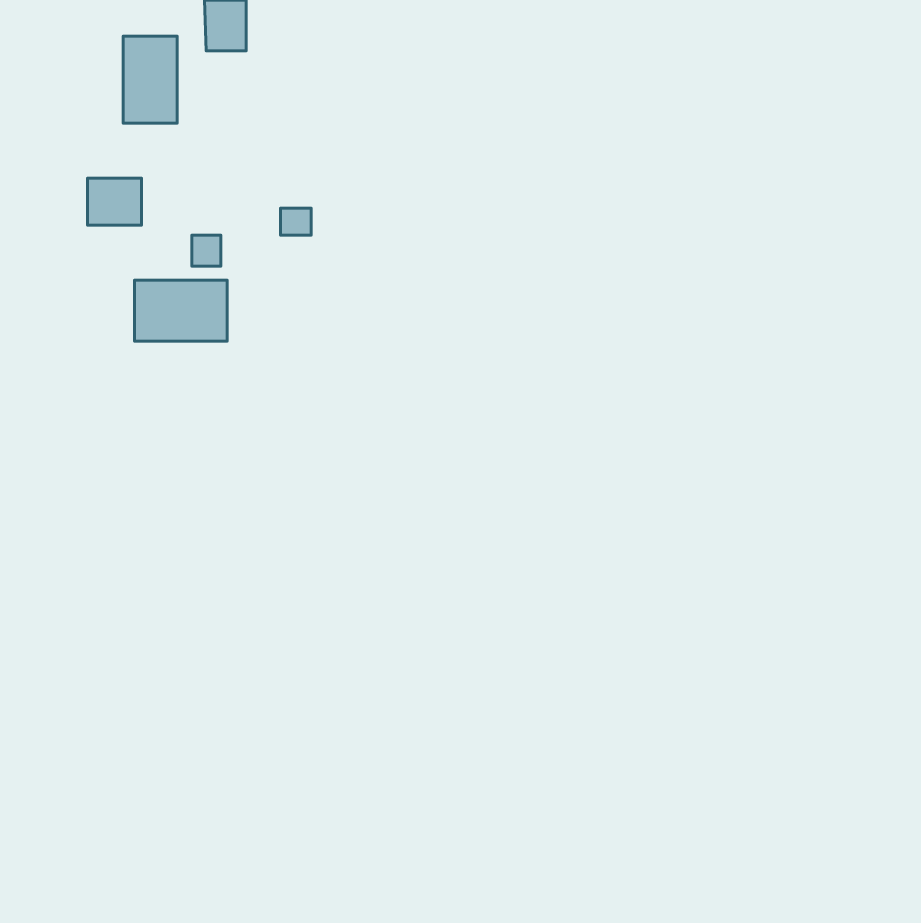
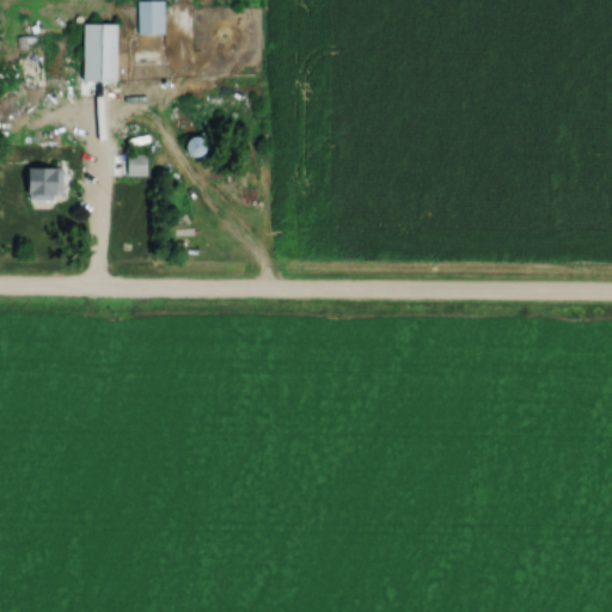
building: [87,178,142,225] -> [30,169,66,200]
building: [135,280,227,341] -> none

